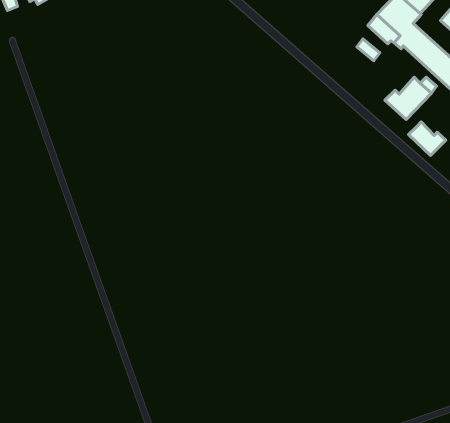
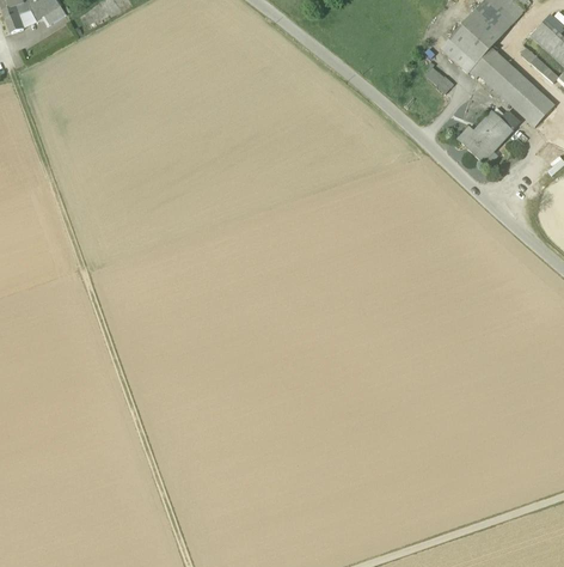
building: [409,122,446,155] -> none

